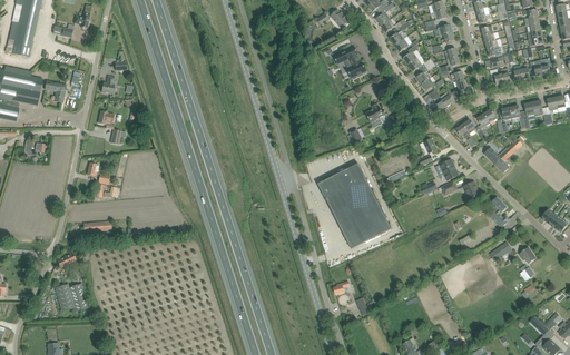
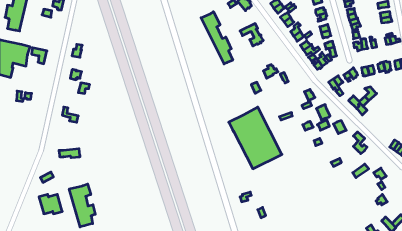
building: none -> [201,12,233,64]
building: none -> [69,184,95,227]

